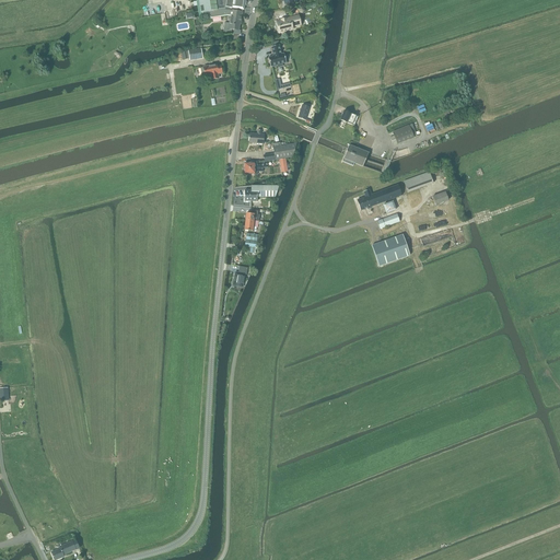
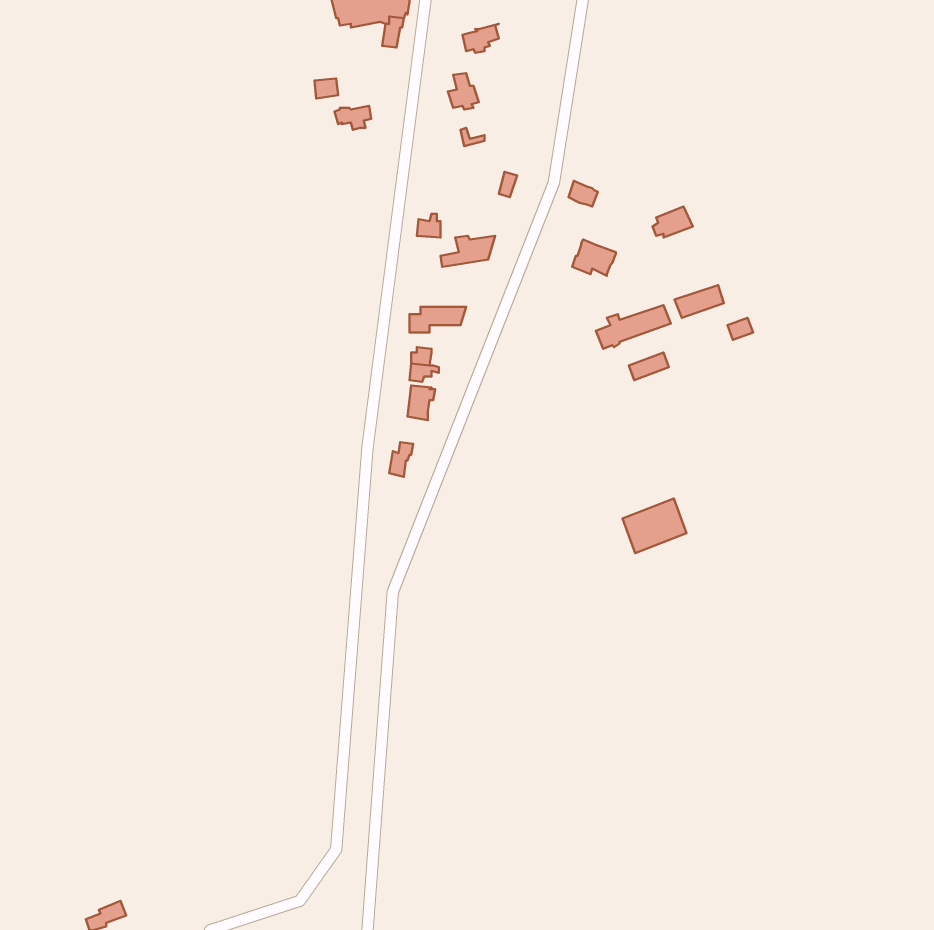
building: [372,232,410,265] -> [623,498,687,553]

